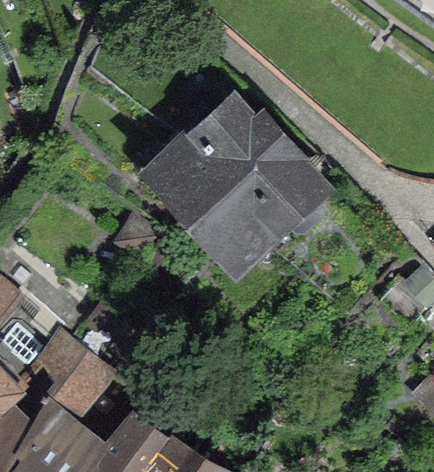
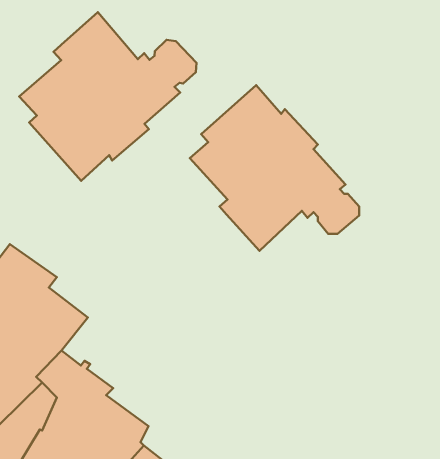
building: none -> [19,12,196,181]

